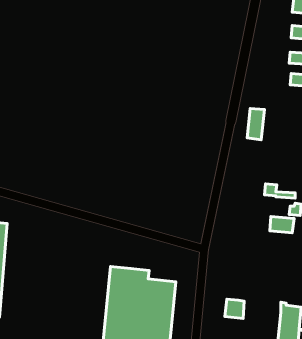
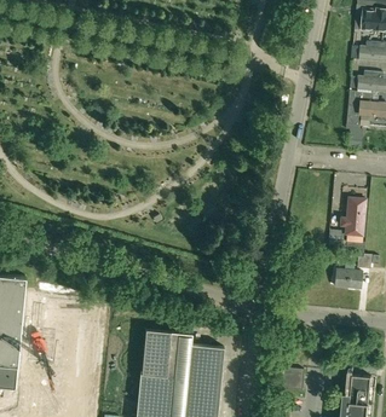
building: [247,108,264,140] -> [344,198,364,236]

